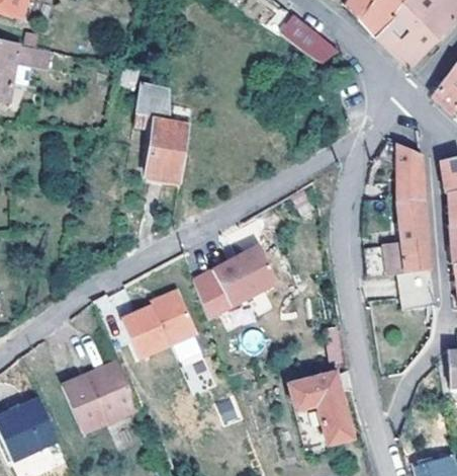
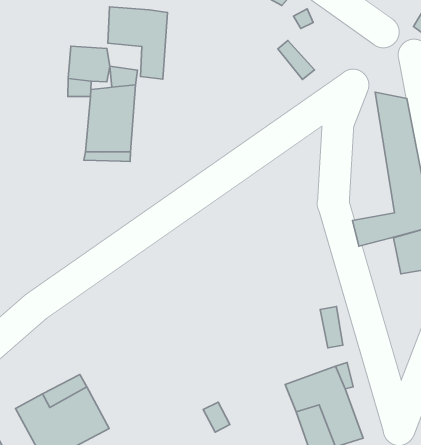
building: none -> [108,7,168,79]
building: [194,248,282,315] -> none
building: [121,289,197,356] -> none

